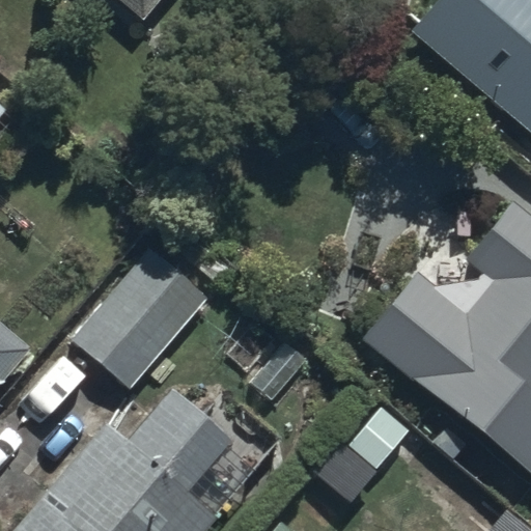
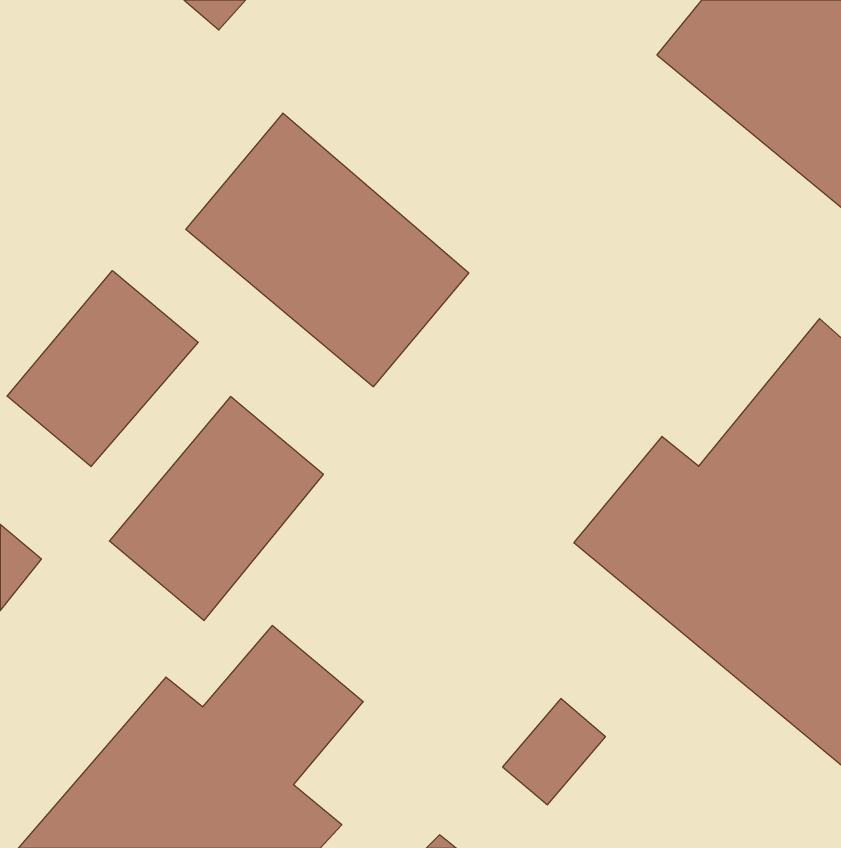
building: none -> [186,113,469,387]
building: none -> [7,271,198,467]

